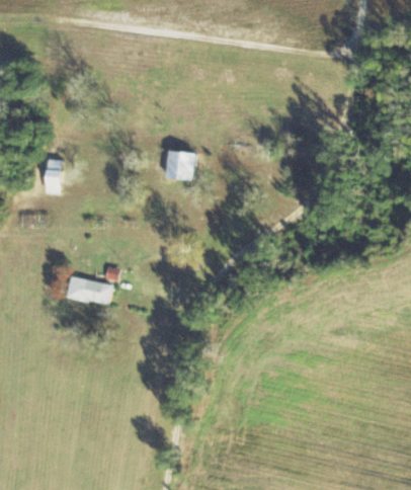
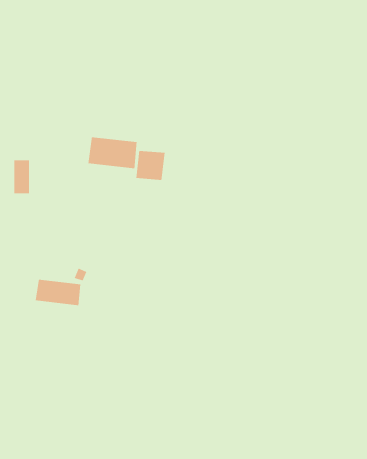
building: none -> [88,137,137,169]

